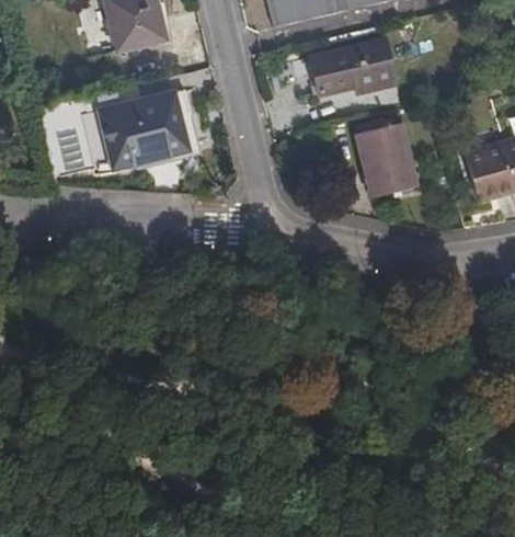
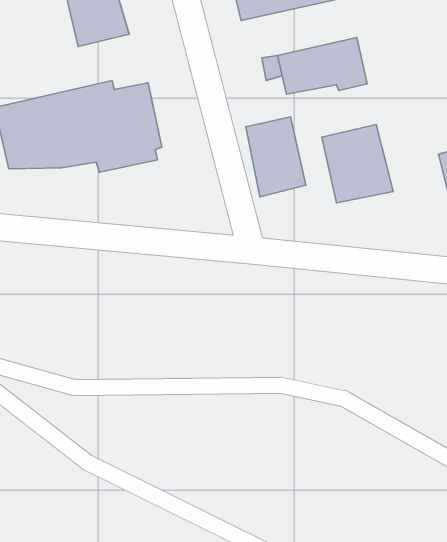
building: none -> [246,117,306,197]

